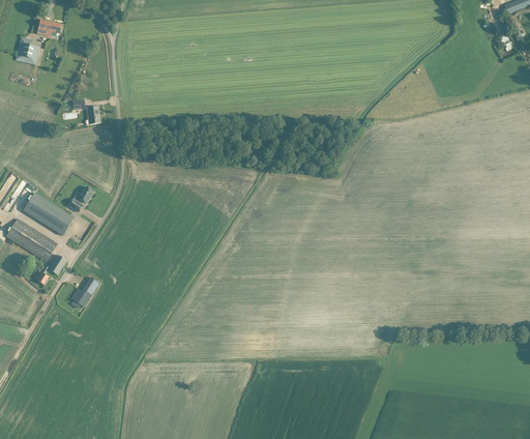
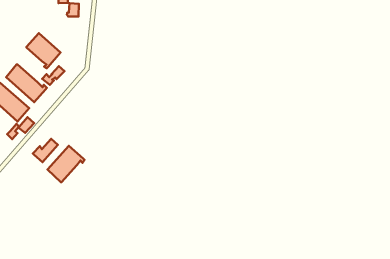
building: none -> [26,33,61,68]
building: none -> [47,146,85,182]

